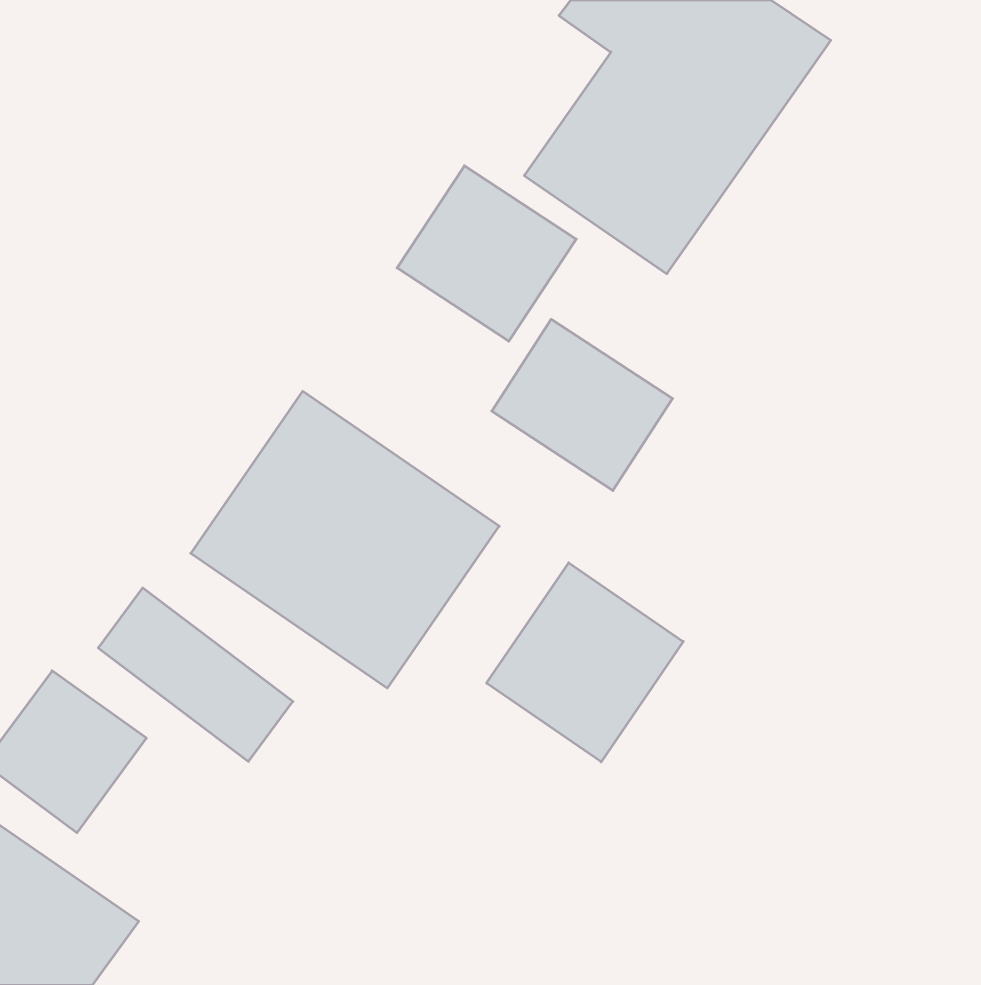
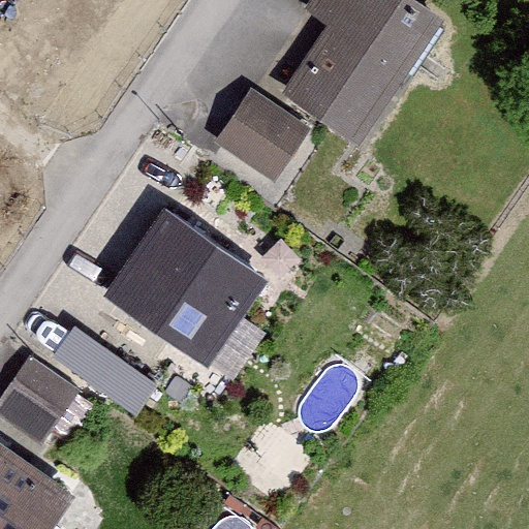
building: [492,319,673,491] -> none
building: [487,563,683,762] -> none

